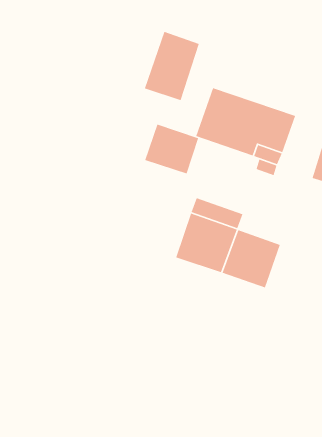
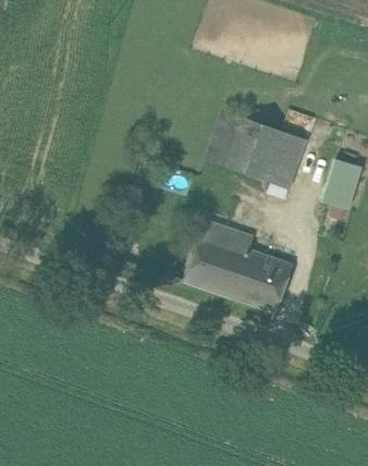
building: [144,31,200,101] -> none
building: [144,123,199,174] -> none

